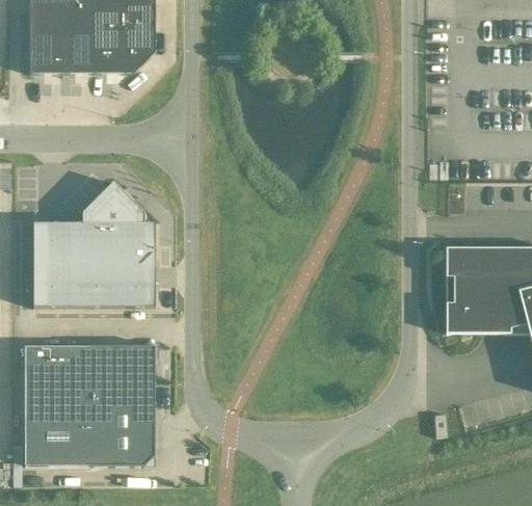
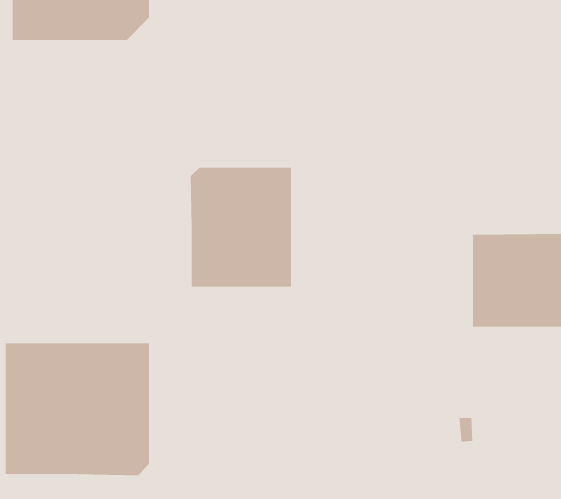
building: [33,180,155,305] -> none
building: none -> [190,167,292,287]

